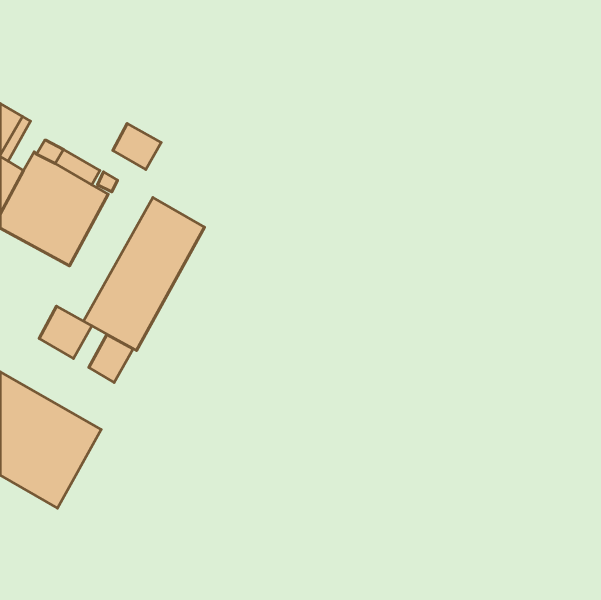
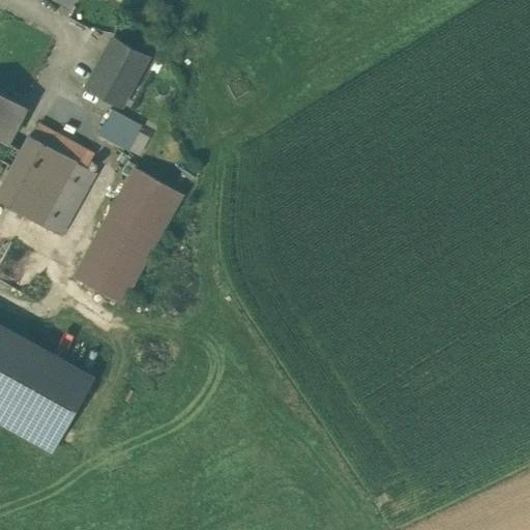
building: none -> [87,38,147,105]
building: [39,306,92,358] -> none
building: [89,334,133,383] -> none

